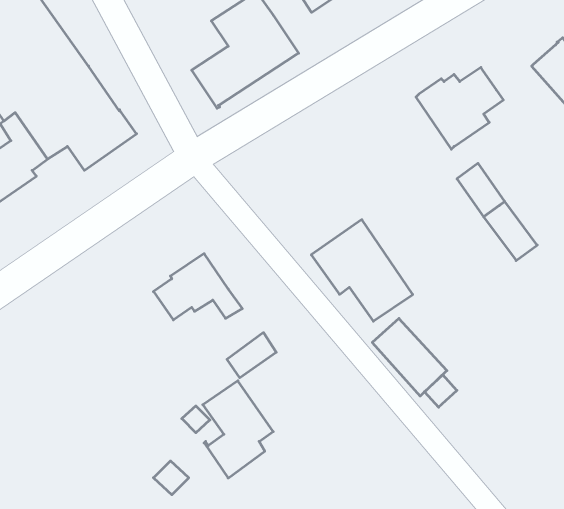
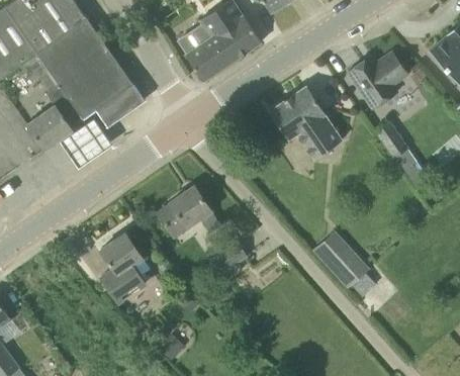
building: [311,220,413,321] -> [269,86,342,159]
building: [203,381,273,478] -> [100,233,151,303]

